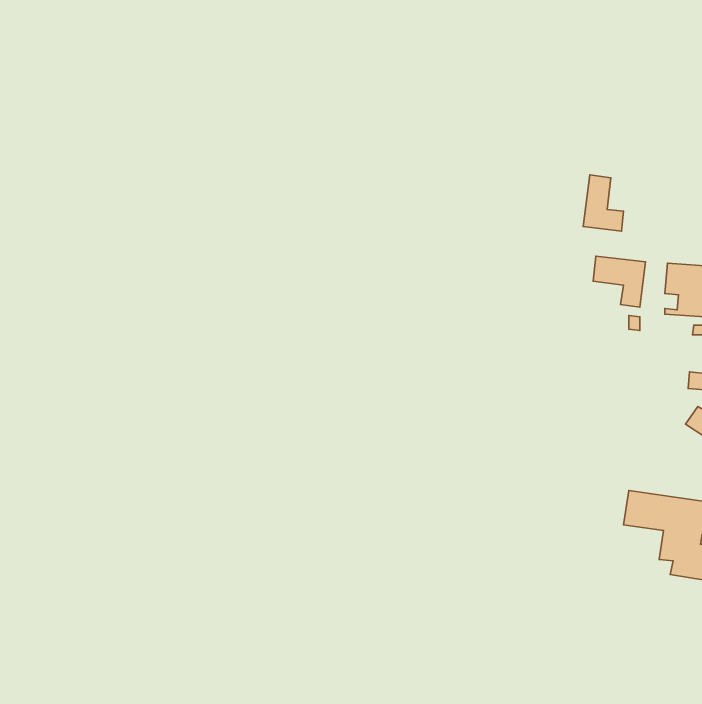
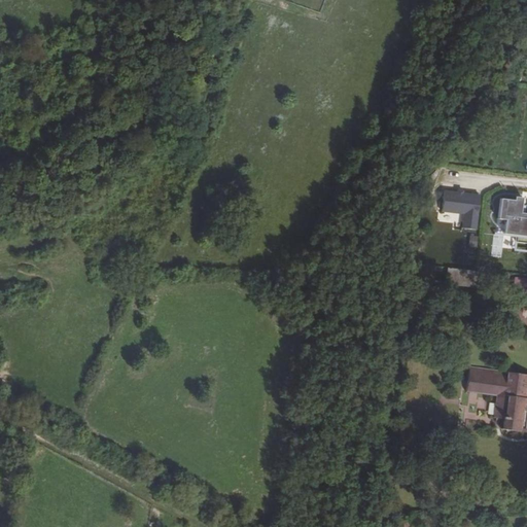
building: [583,175,624,231] -> none

